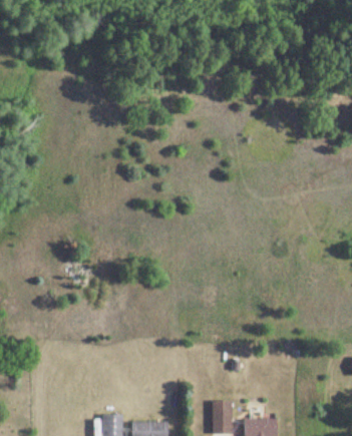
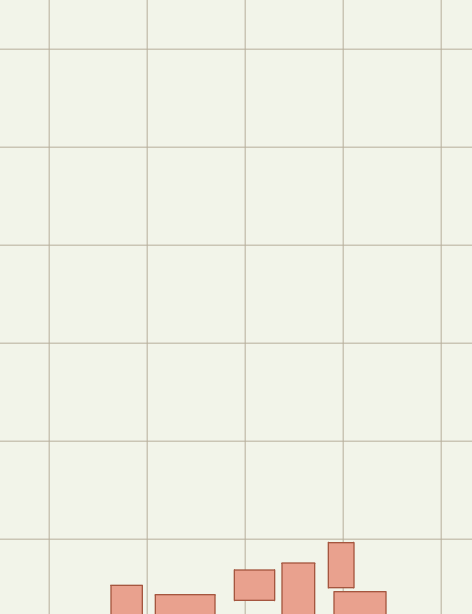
building: none -> [328,542,354,588]
building: none -> [235,570,274,601]

